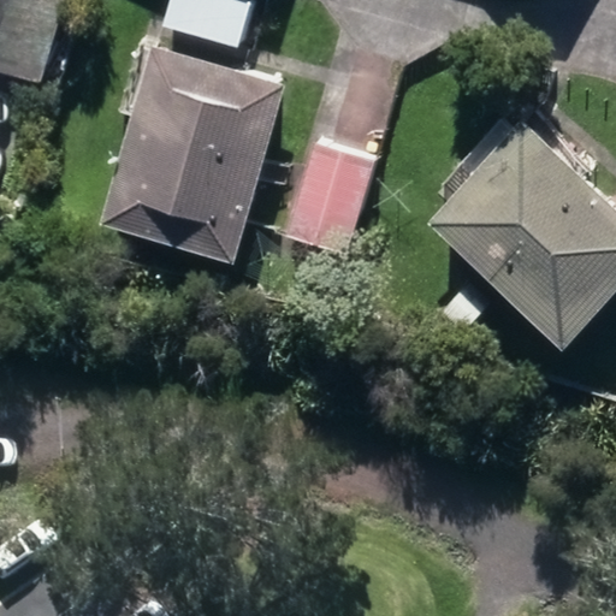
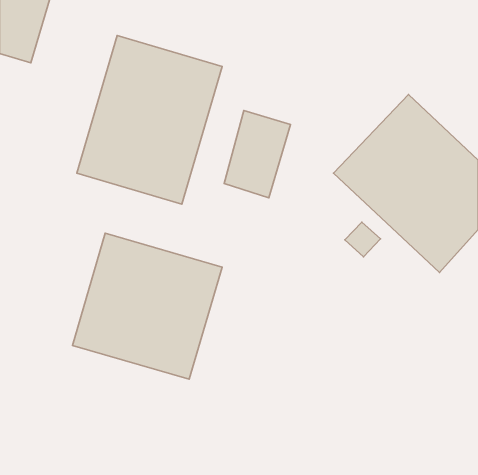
building: none -> [72,233,222,379]

